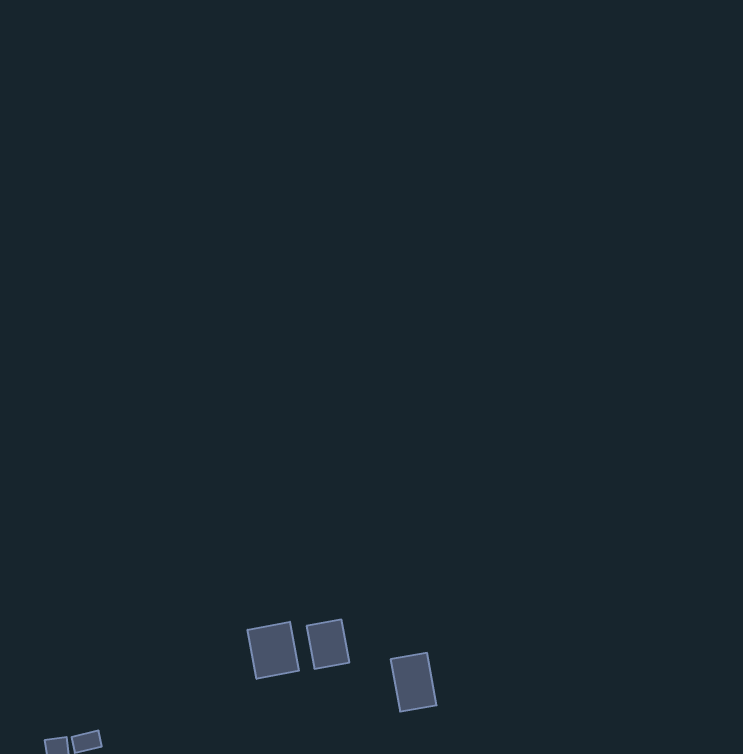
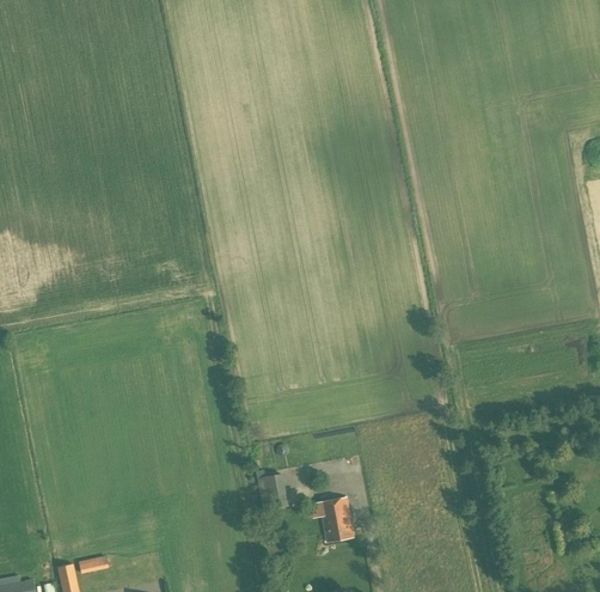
building: [248,622,299,679] -> none

